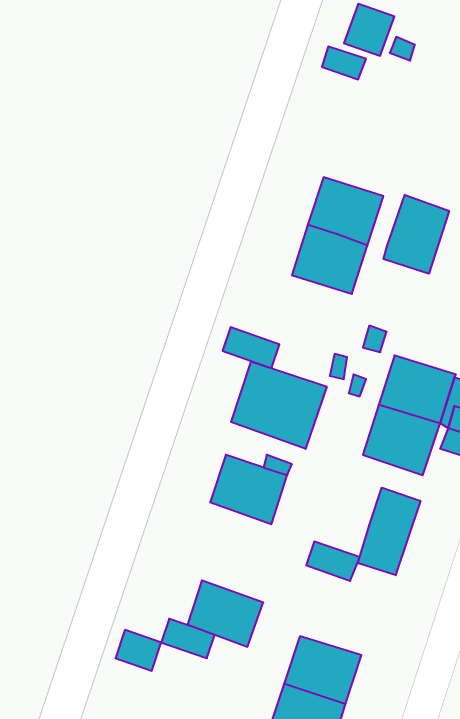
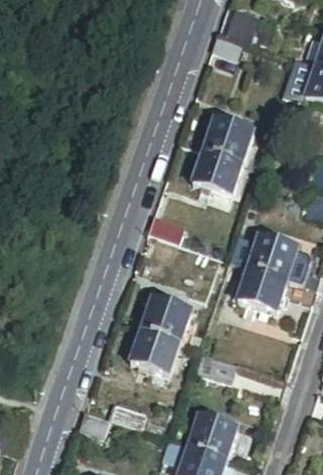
building: [384,195,449,274] -> none
building: [231,361,327,449] -> none
building: [358,488,420,575] -> none
building: [188,580,263,647] -> [129,328,178,371]

